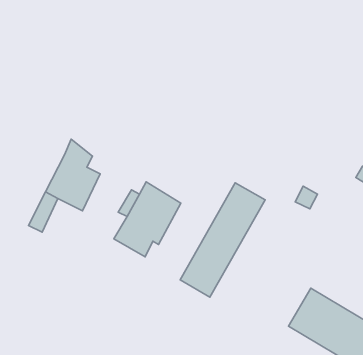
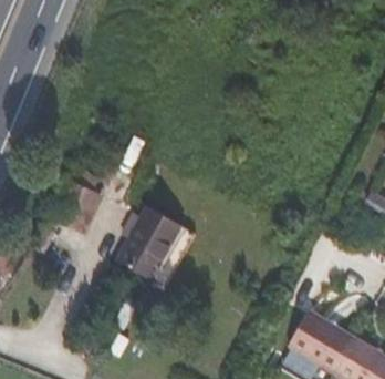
building: [180,183,265,297] -> none

